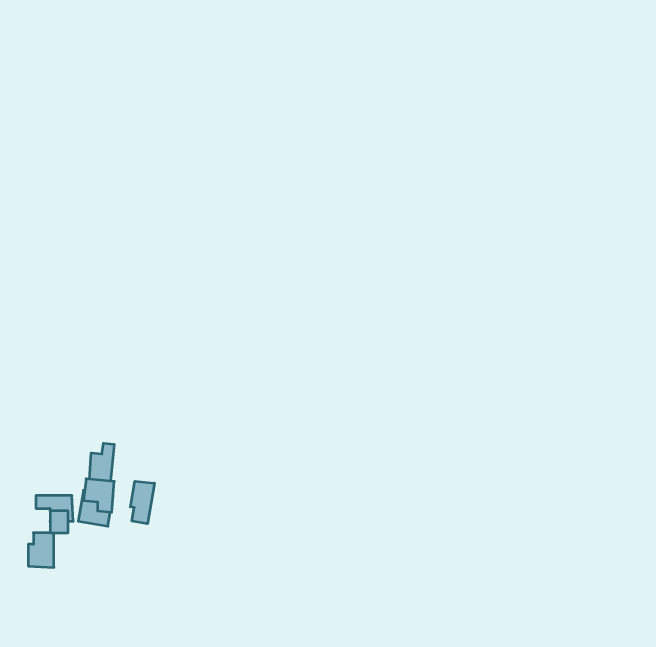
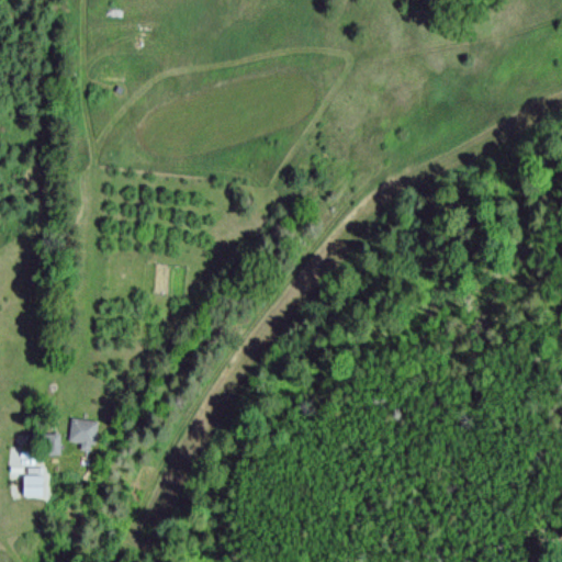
building: [89,443,114,481] -> none
building: [130,481,154,524] -> none

